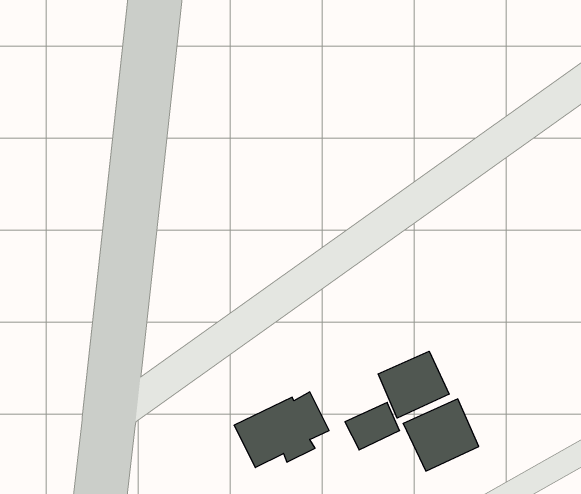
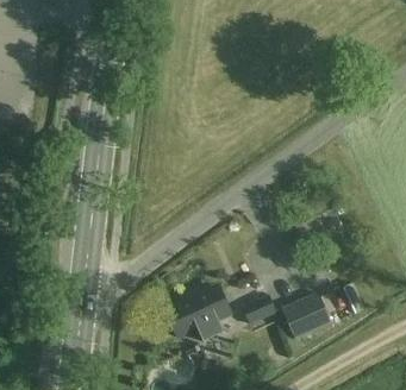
building: [378,351,449,418] -> none

